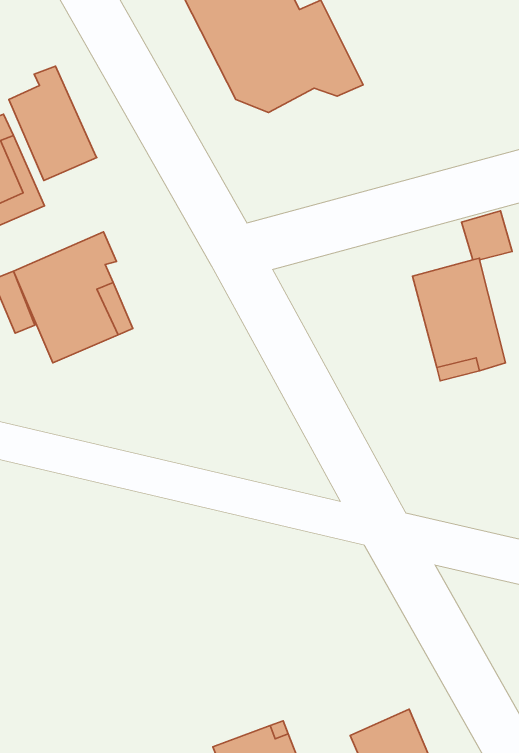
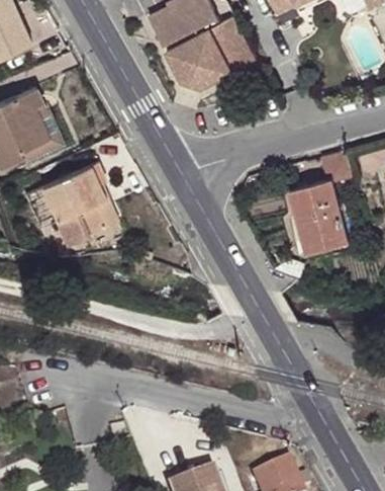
building: [9,66,97,180] -> none

